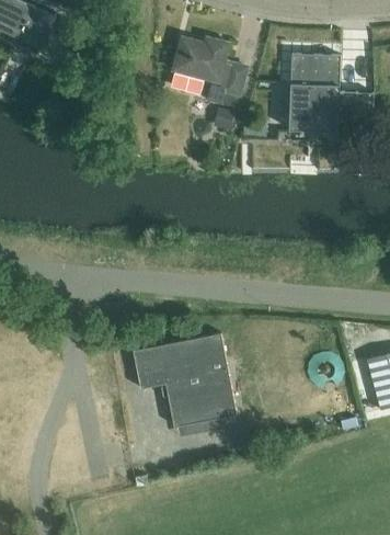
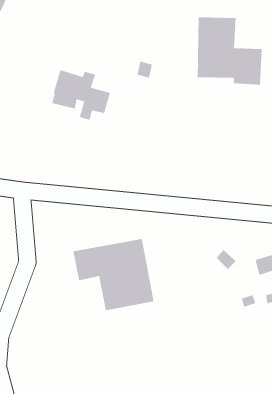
building: [171,37,246,103] -> [51,69,111,121]

